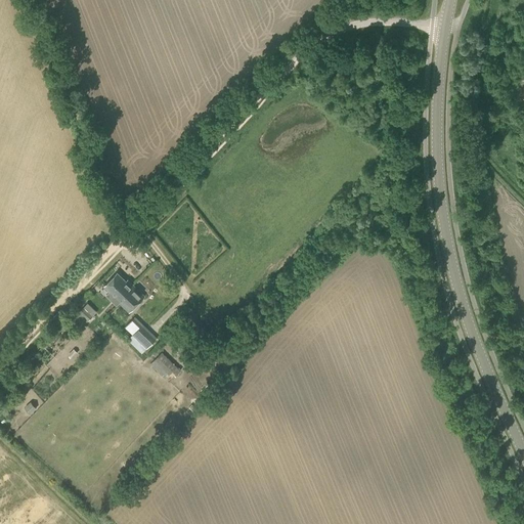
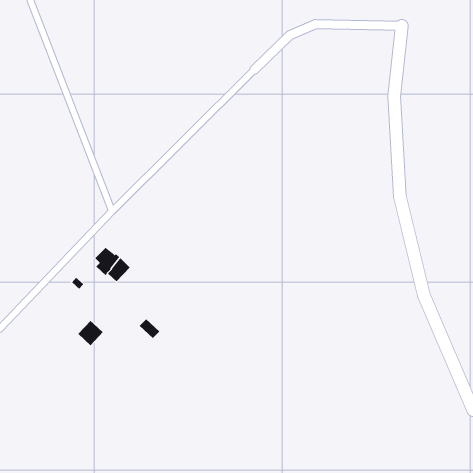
building: [128,324,157,353] -> [78,320,103,346]

